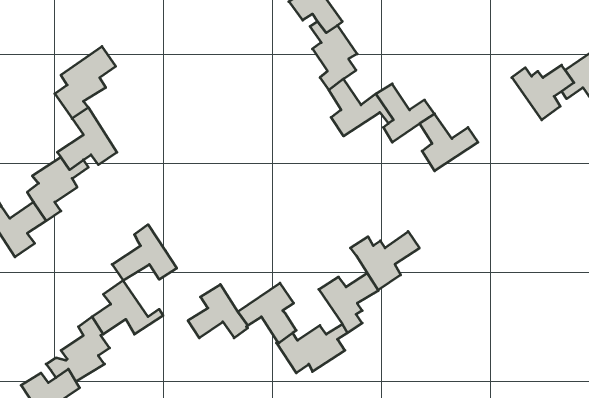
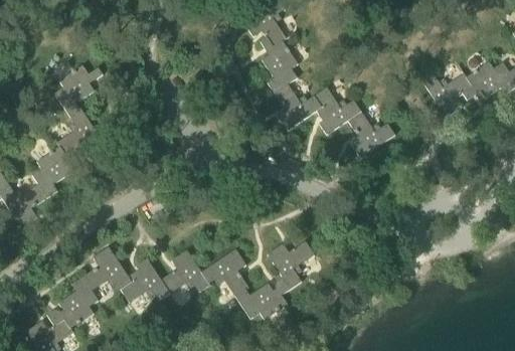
building: [112,225,177,281] -> [118,257,170,303]
building: [350,231,419,290] -> none

